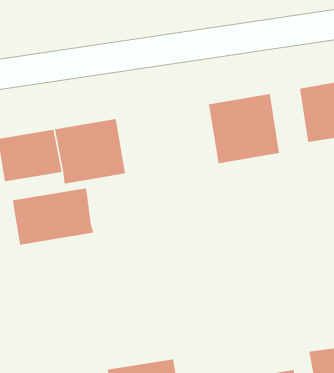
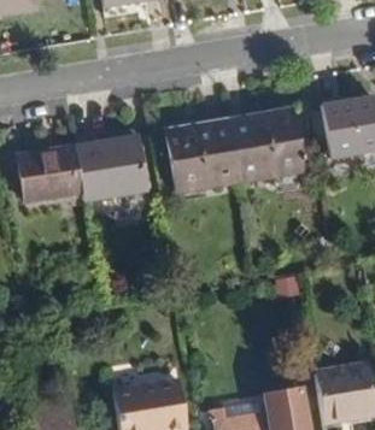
building: none -> [156,122,229,193]
building: [12,187,94,245] -> none

